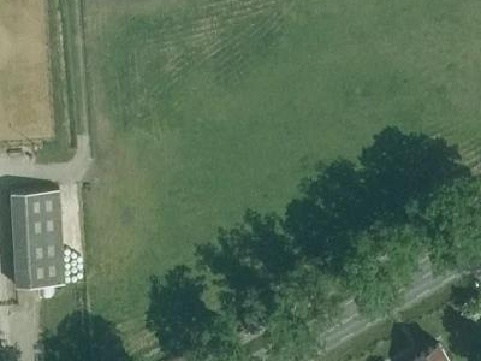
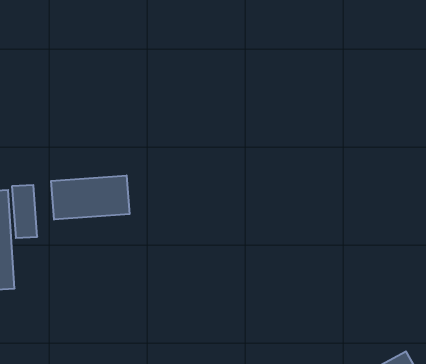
building: none -> [51,175,130,220]

